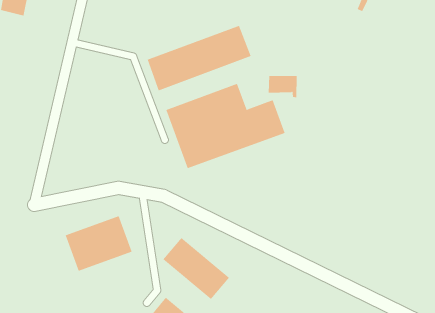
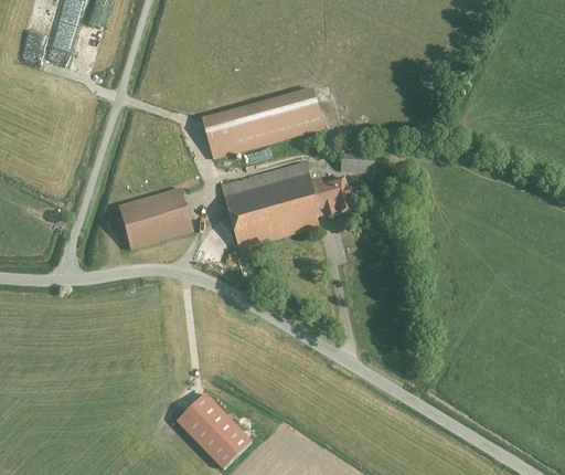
building: [65,215,133,272] -> [119,188,195,249]
building: [163,237,230,300] -> none

